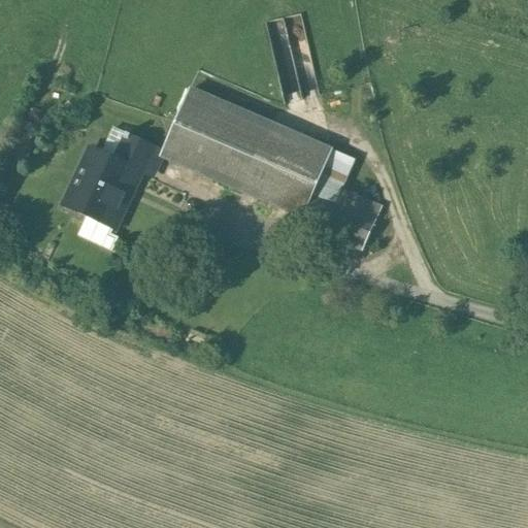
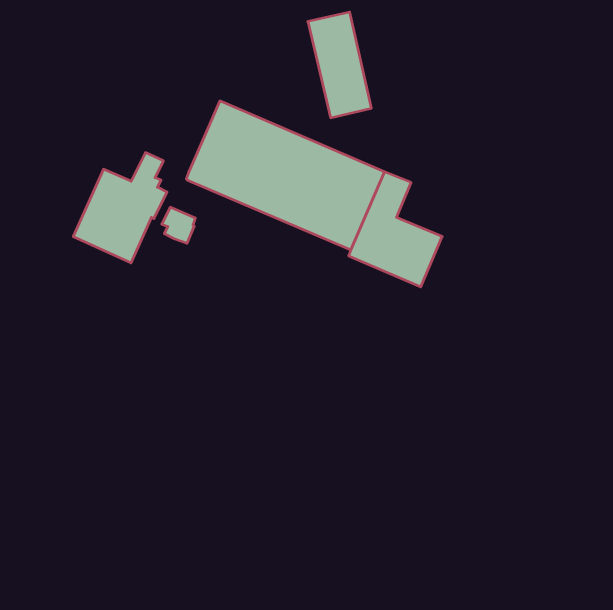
building: [134,138,163,169] -> [162,207,195,243]

